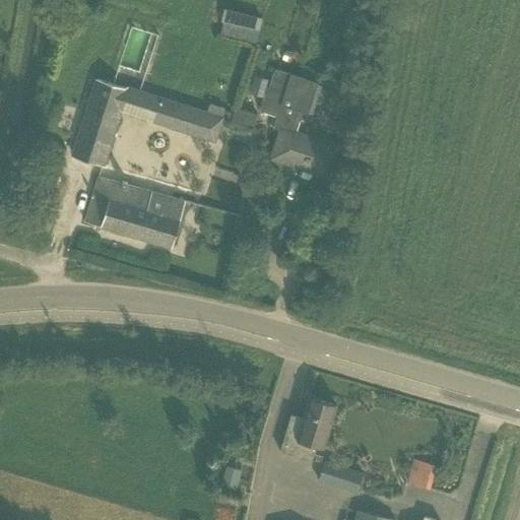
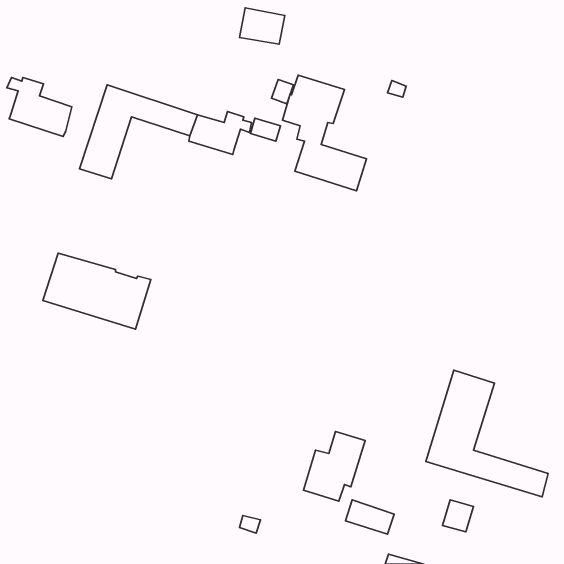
building: none -> [7,77,72,137]
building: [85,178,185,248] -> [43,253,151,329]
building: none -> [426,370,548,497]

